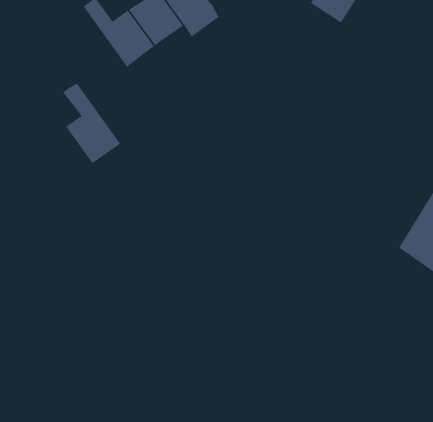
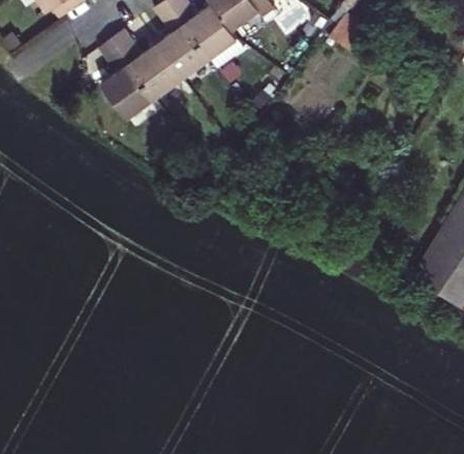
building: [62,82,121,164] -> [98,39,155,118]

